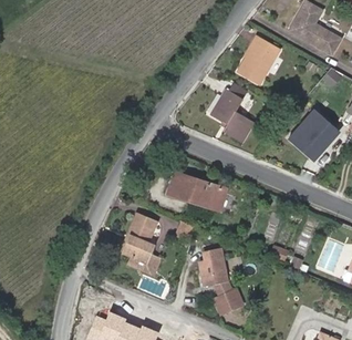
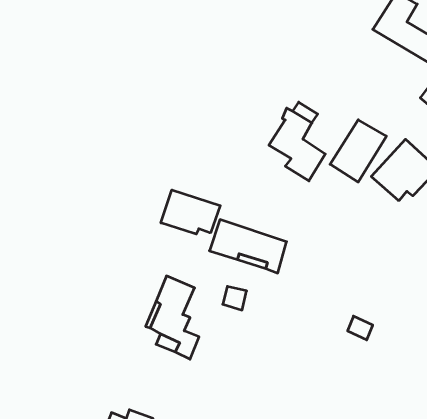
building: [237,38,279,84] -> [330,120,386,182]
building: none -> [161,190,220,234]
building: [199,248,242,313] -> none

